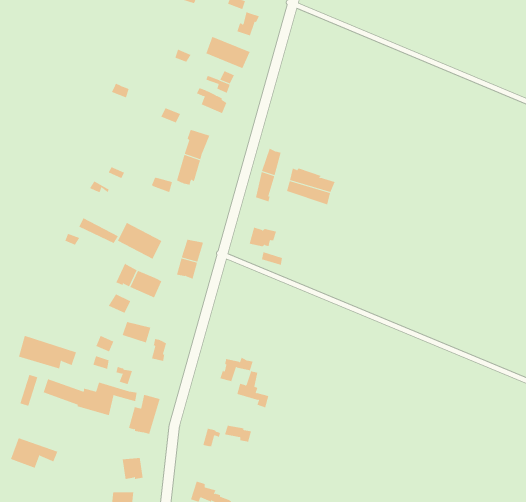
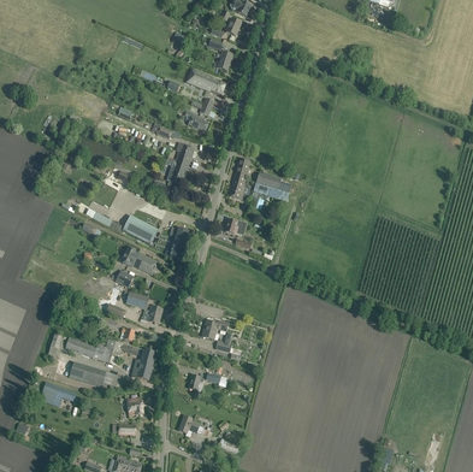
building: [18,335,77,369] -> [69,360,114,387]

